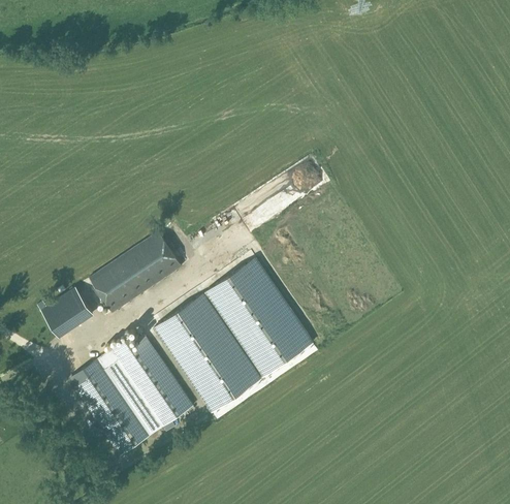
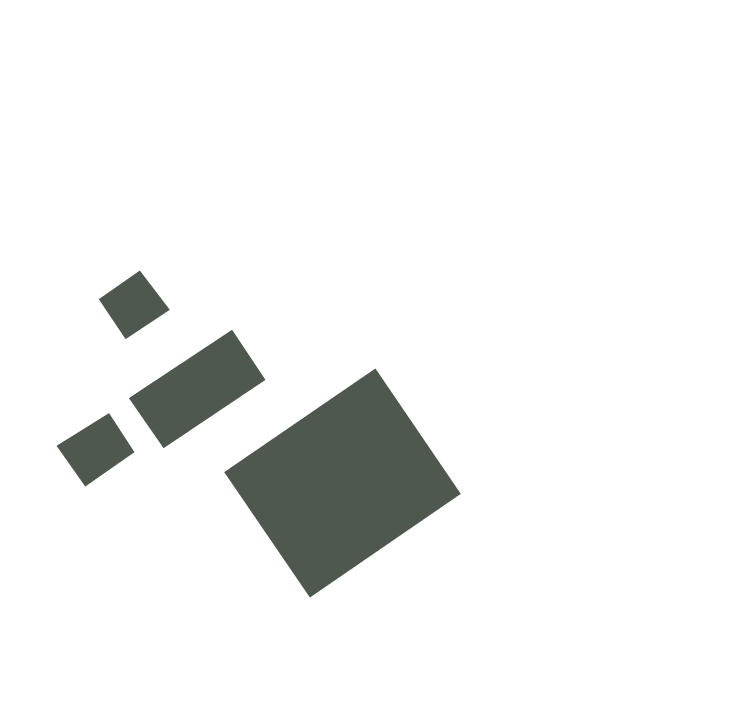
building: none -> [98,269,171,340]
building: [67,337,194,455] -> none

